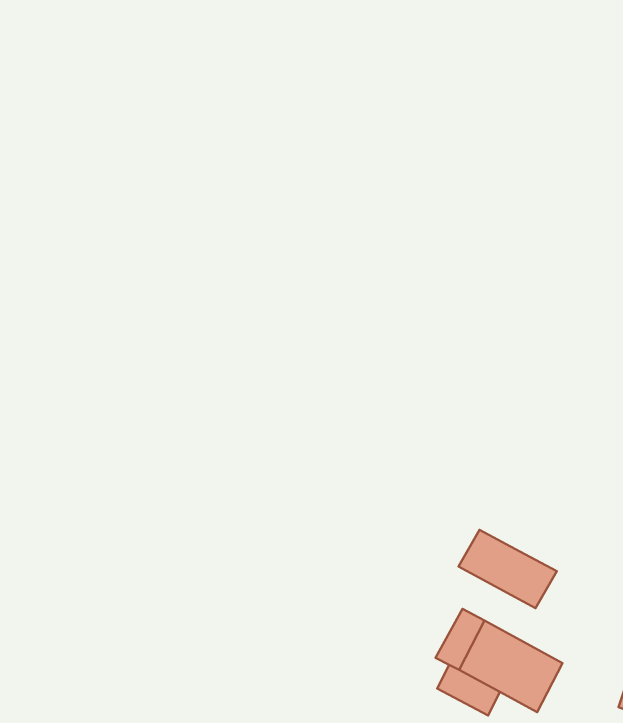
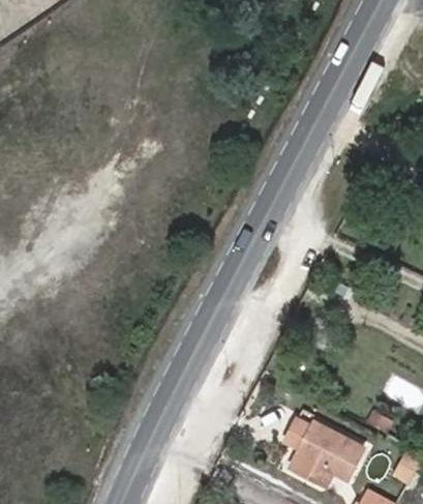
building: [458,530,557,608] -> none

